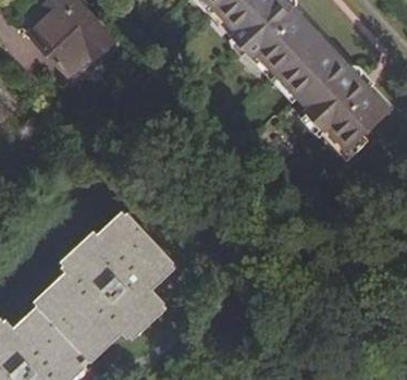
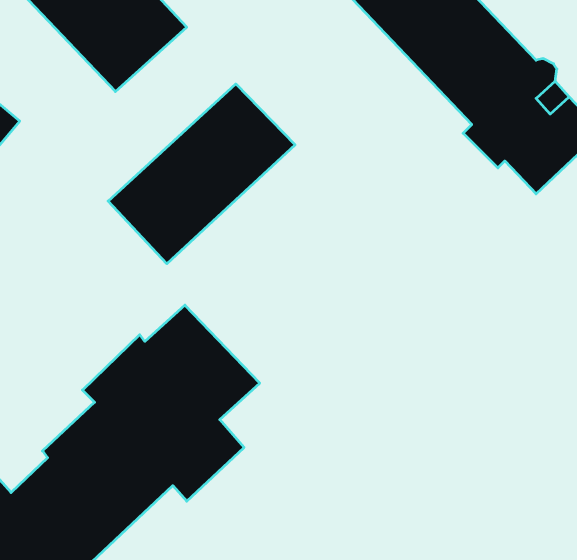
building: none -> [108,84,295,264]

